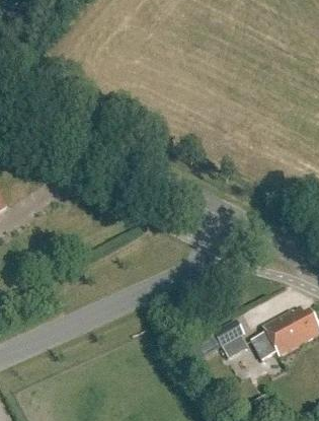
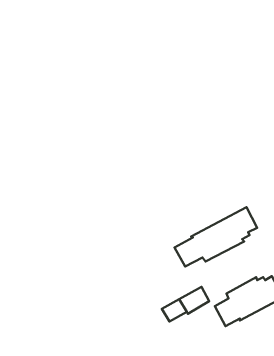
building: none -> [175,207,257,266]

